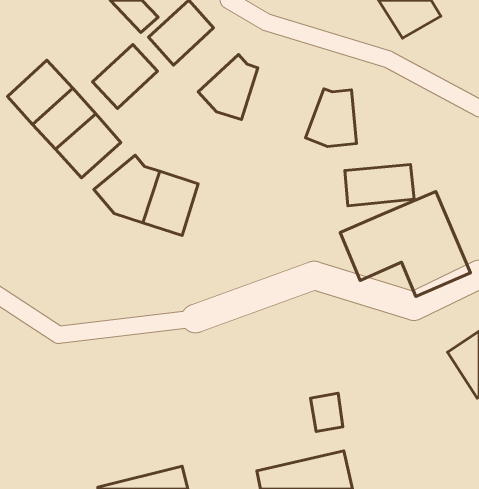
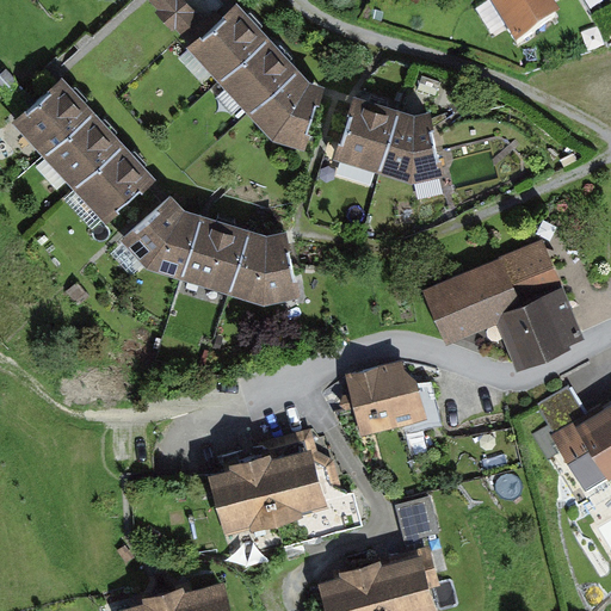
building: [92,44,158,109] -> [216,35,297,115]
building: none -> [333,94,403,172]
building: [345,165,414,206] -> none
building: none -> [227,229,298,304]
building: none -> [338,358,425,442]
building: none -> [211,445,332,537]

